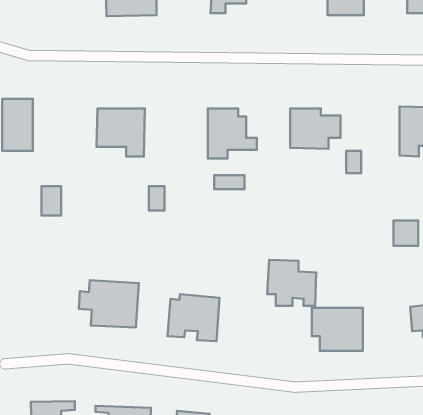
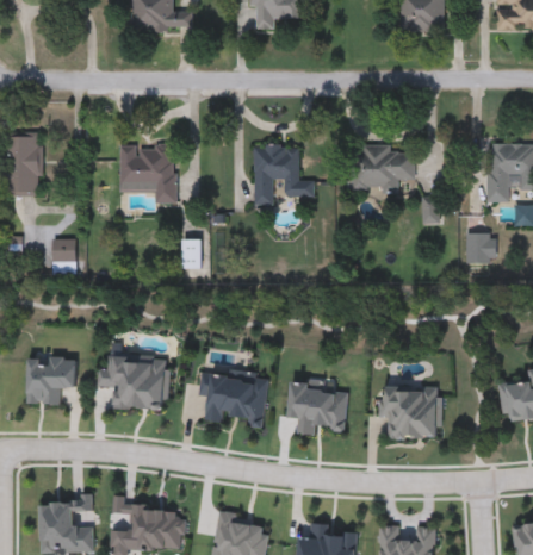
building: [214,175,244,189] -> none
building: [394,220,418,246] -> [466,232,496,263]
building: [267,260,316,306] -> [287,378,347,434]
building: none -> [26,356,76,404]

